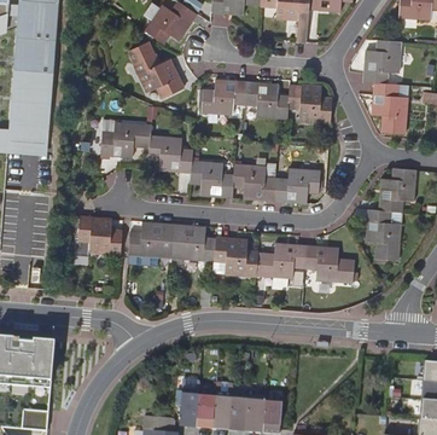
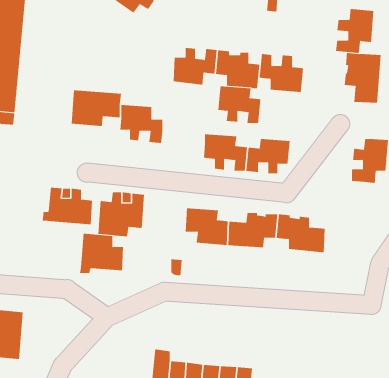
building: [130,42,182,97] -> none
building: [190,160,233,197] -> [217,86,261,123]
building: [366,209,402,260] -> none
building: [170,224,215,263] -> [79,233,124,273]

